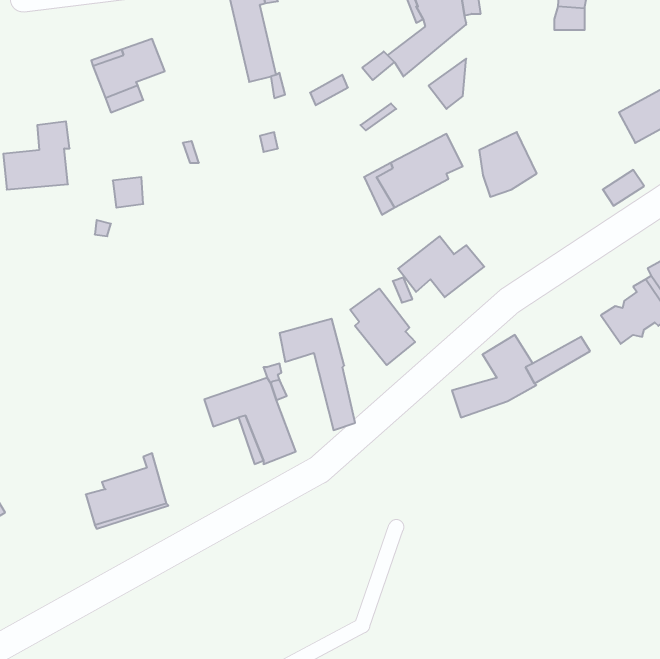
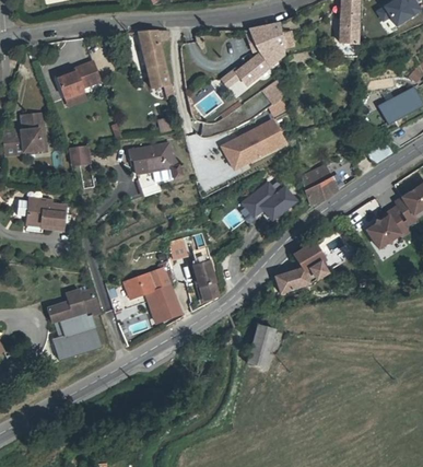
building: [479,132,537,197] -> [303,164,338,203]
building: none -> [129,142,181,196]
building: none -> [17,198,66,227]
building: [350,289,415,365] -> none
building: none -> [47,288,101,331]
building: none -> [249,328,279,371]

